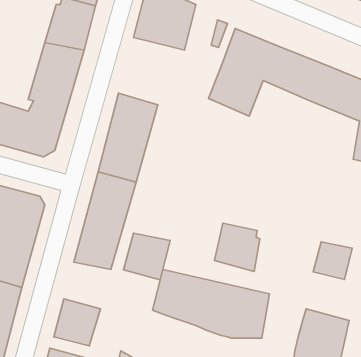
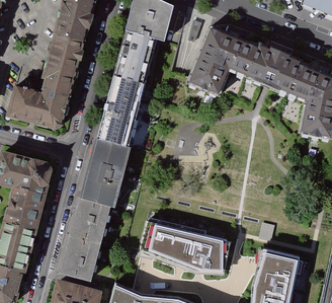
building: none -> [113,33,158,87]
building: [214,223,260,271] -> none
building: [123,233,170,280] -> [70,213,107,250]
building: [313,242,352,280] -> none

